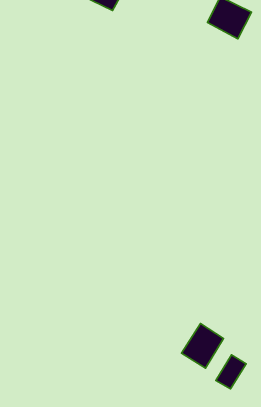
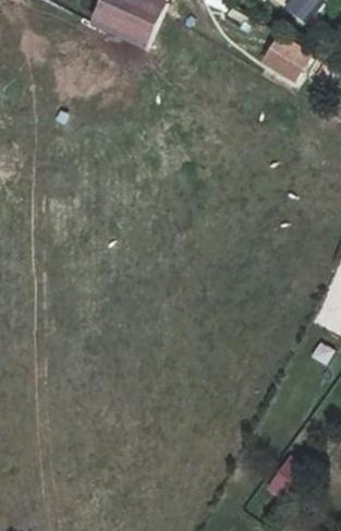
building: [181,323,223,368] -> none

